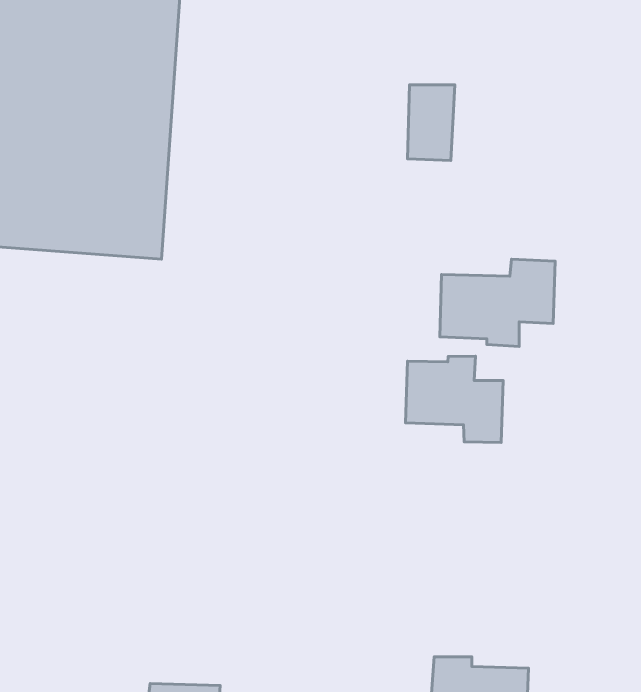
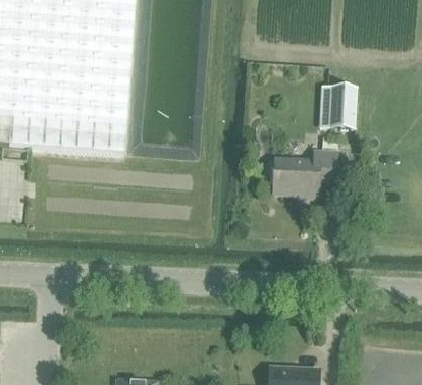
building: [407,85,455,161] -> [328,89,354,129]
building: [406,356,503,442] -> none

